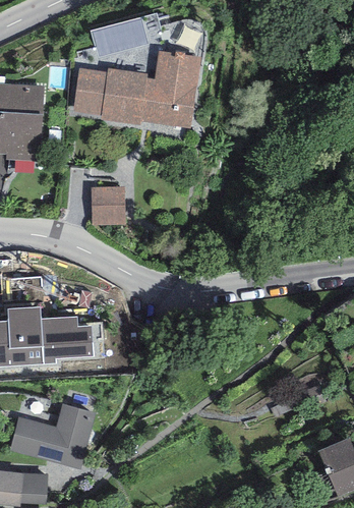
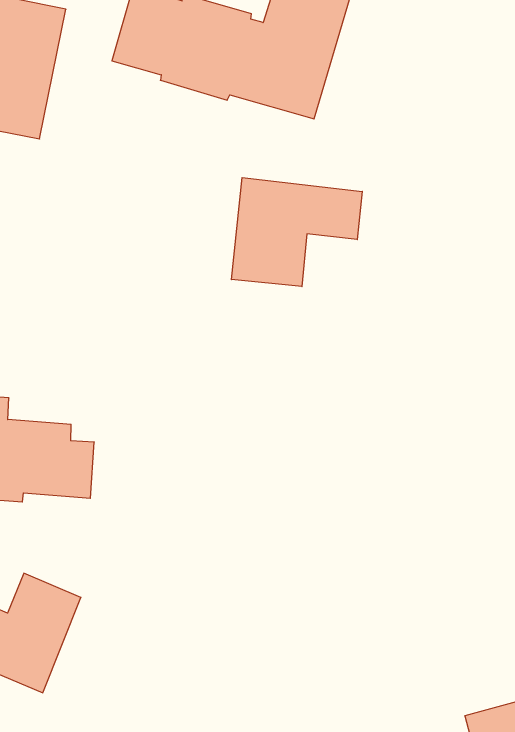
building: none -> [231,178,362,287]
building: [92,185,125,223] -> none

